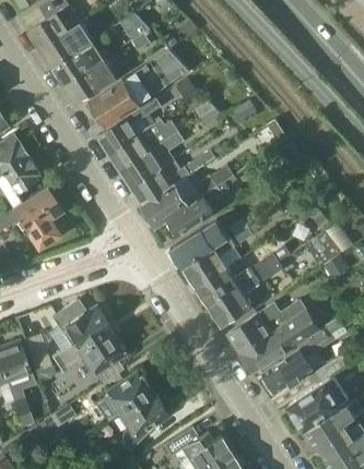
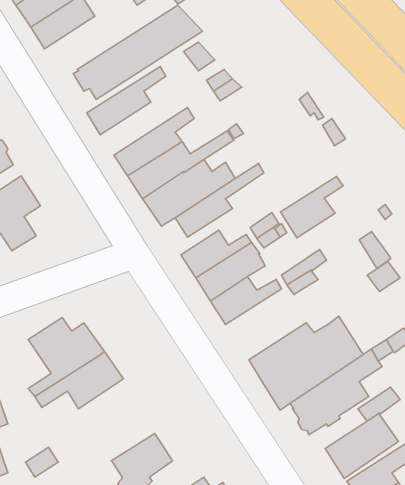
building: [63,59,117,105] -> none
building: [108,120,178,170] -> none
building: [209,277,259,326] -> [281,176,343,238]
building: [103,375,152,417] -> none

